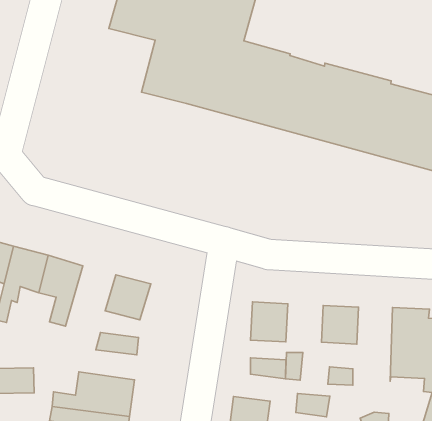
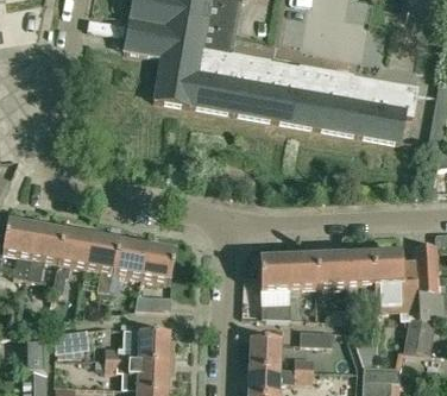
building: none -> [111,244,147,295]
building: none -> [288,258,317,290]
building: none -> [345,254,376,314]

